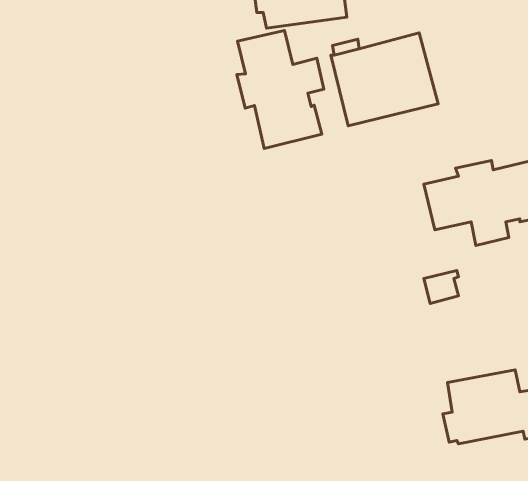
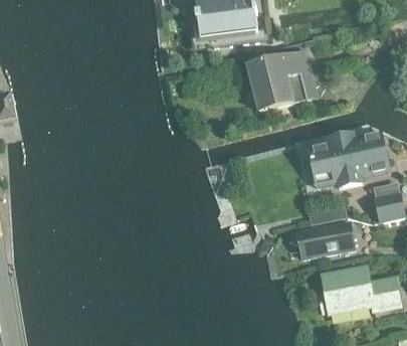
building: [237,31,324,148] -> none
building: none -> [296,219,355,256]

